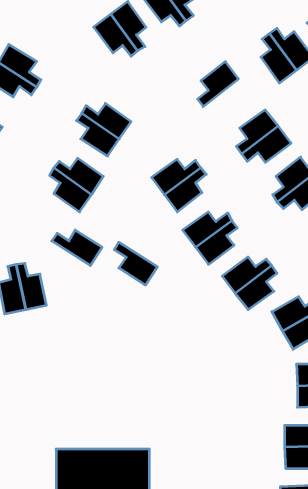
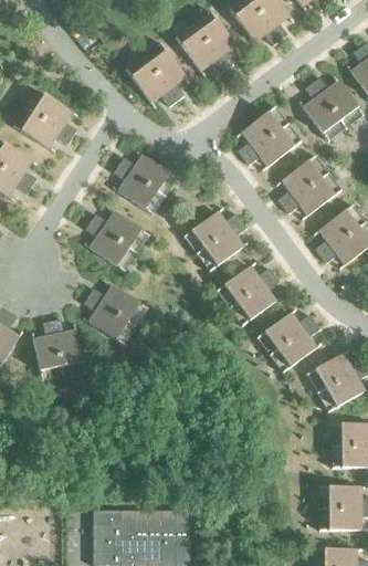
building: none -> [243,129,293,167]
building: [114,242,157,285] -> [83,296,127,340]

